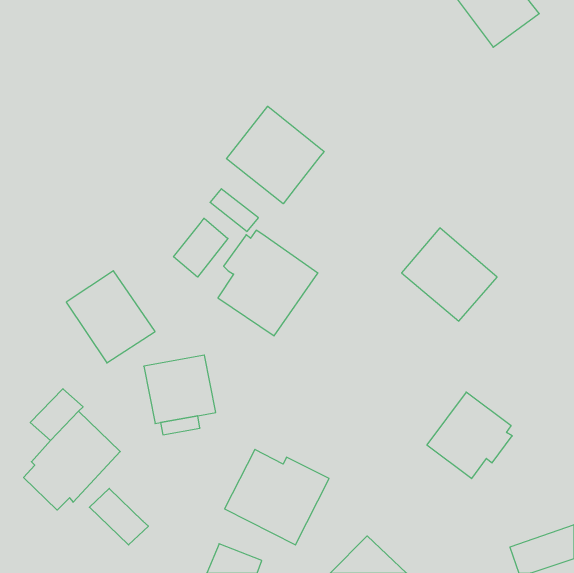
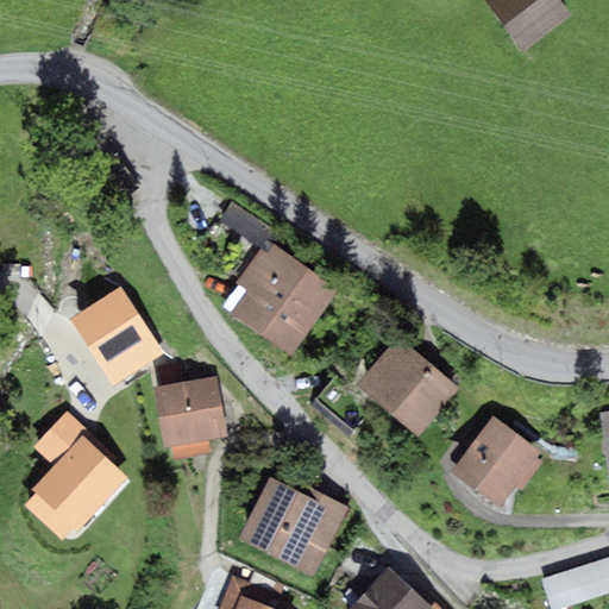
building: [227,106,324,204] -> none
building: [174,218,228,277] -> none
building: [402,228,497,321] -> [357,337,458,435]
building: [89,488,148,545] -> none

